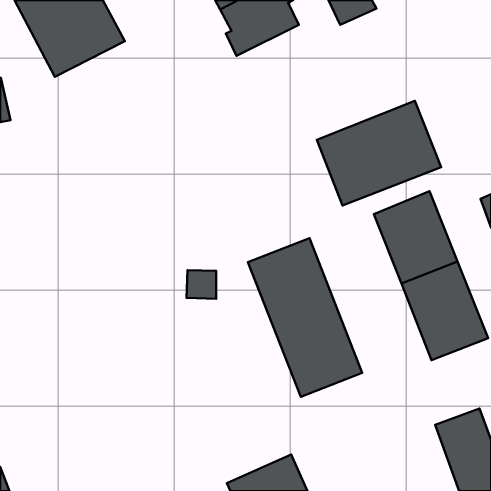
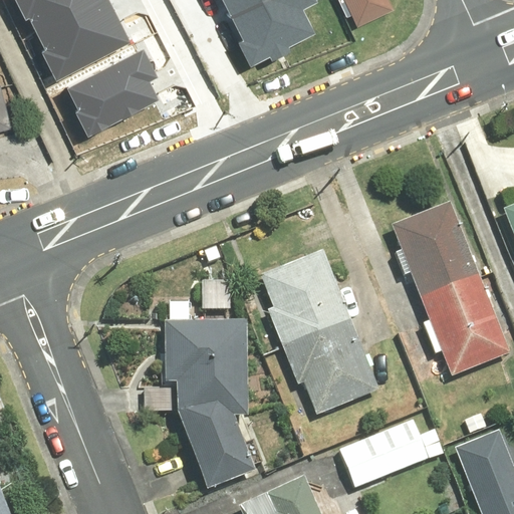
building: none -> [65,53,160,137]
building: [317,101,441,205] -> none
building: none -> [163,318,255,489]
building: none -> [334,423,440,490]

